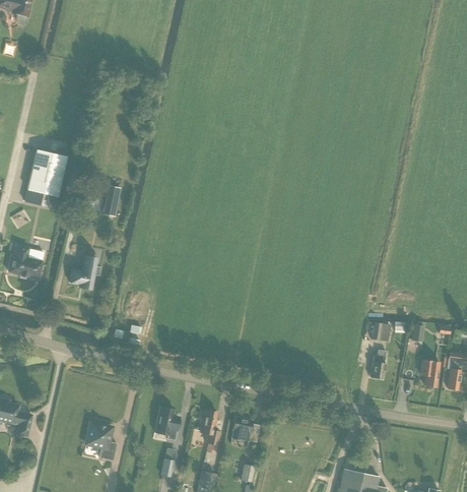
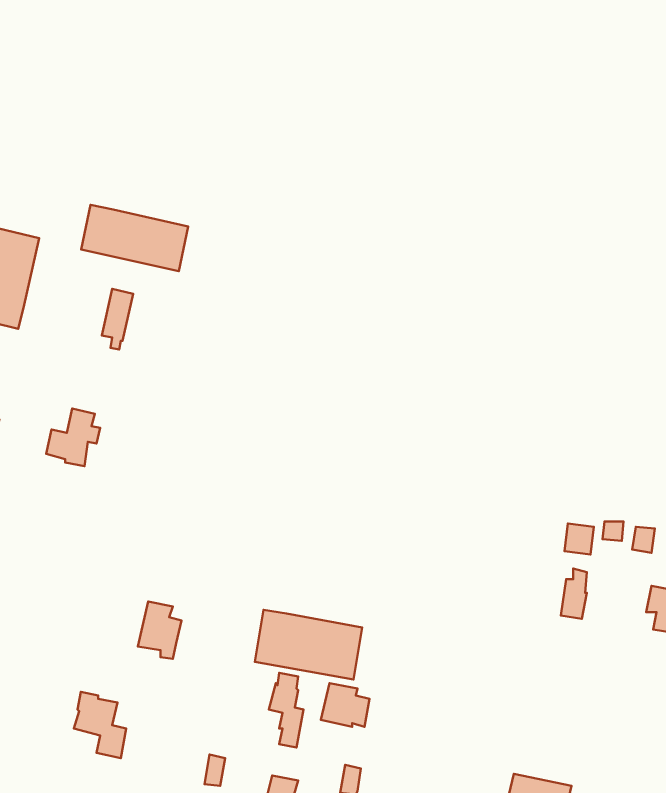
building: none -> [81,205,188,271]
building: none -> [255,610,362,680]
building: [153,406,179,439] -> [138,601,181,659]

